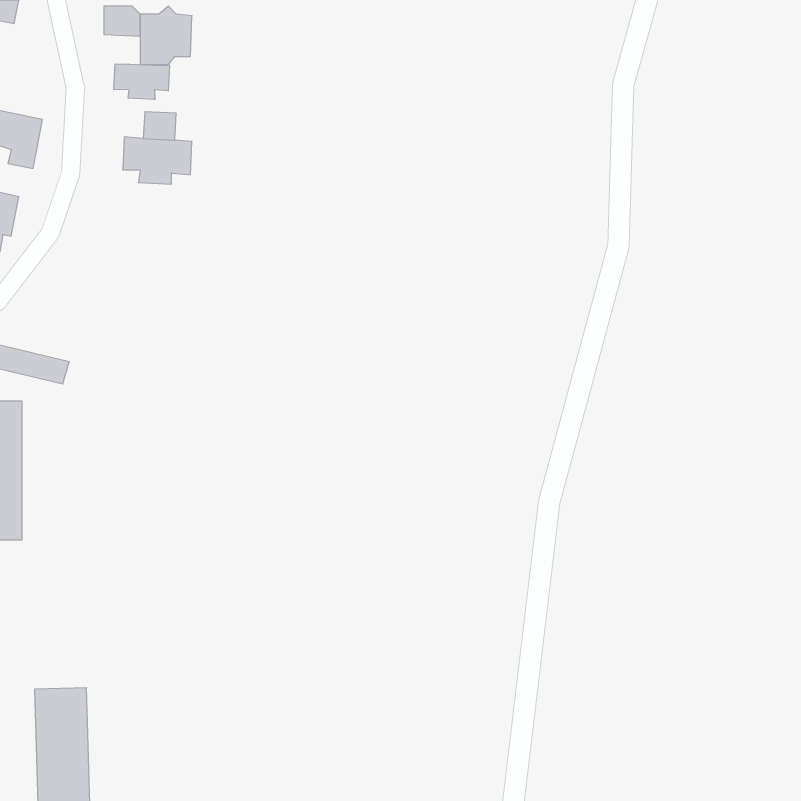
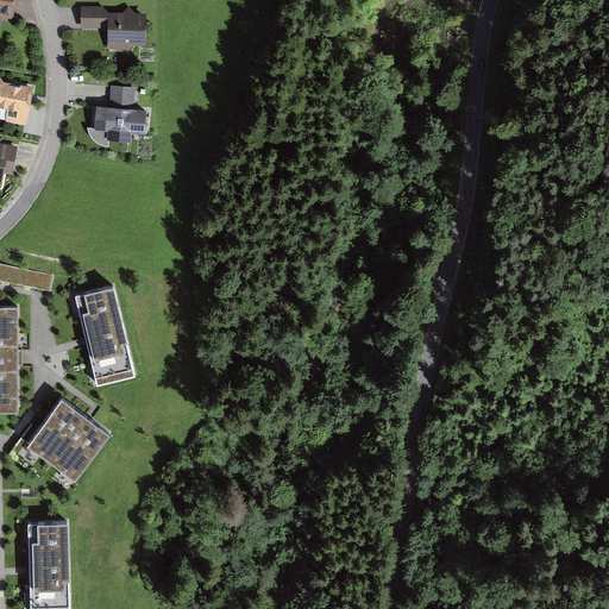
building: [114,64,169,100] -> none
building: none -> [73,285,134,384]
building: none -> [25,396,108,479]

